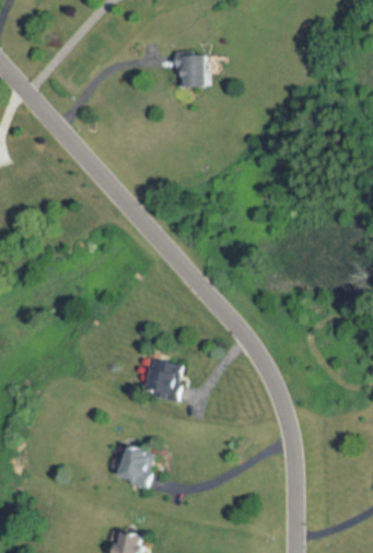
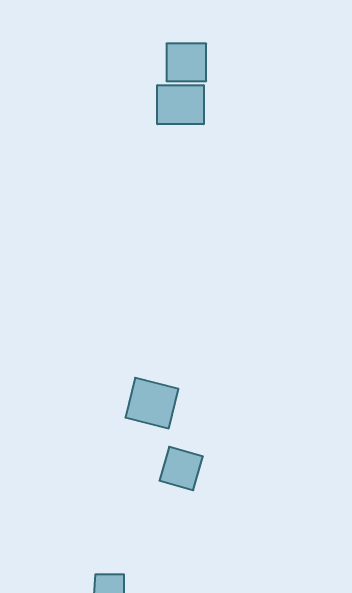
building: none -> [157,85,204,124]
building: [118,448,158,487] -> [159,447,203,490]

